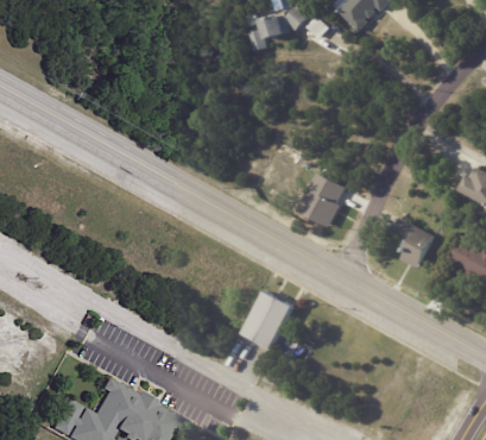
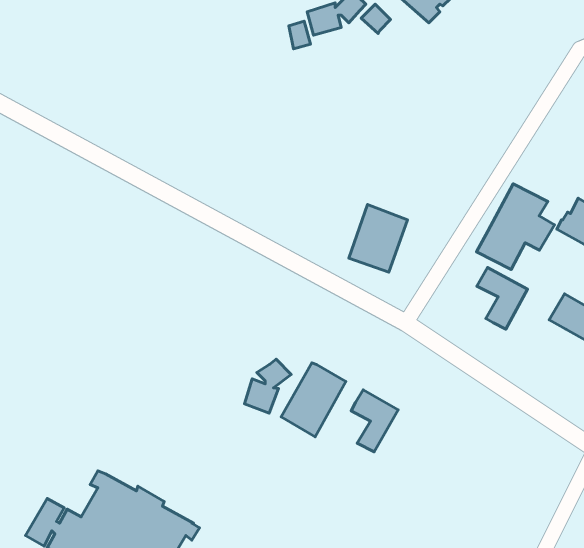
building: none -> [476,184,554,270]
building: none -> [244,359,291,413]
building: none -> [351,390,398,452]

